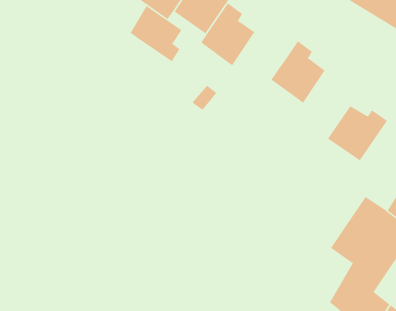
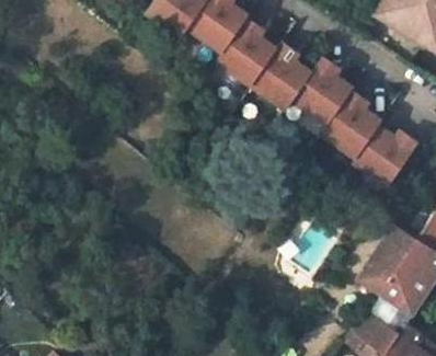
building: [130,5,182,62] -> none
building: none -> [252,43,310,110]
building: none -> [321,92,380,158]

